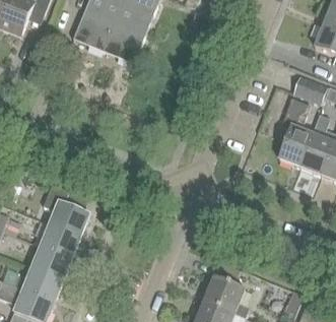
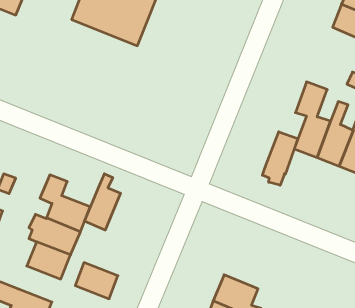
building: [293,74,329,104] -> none
building: none -> [262,132,298,185]
building: none -> [85,174,121,230]
building: [23,267,63,301] -> [75,263,118,299]

